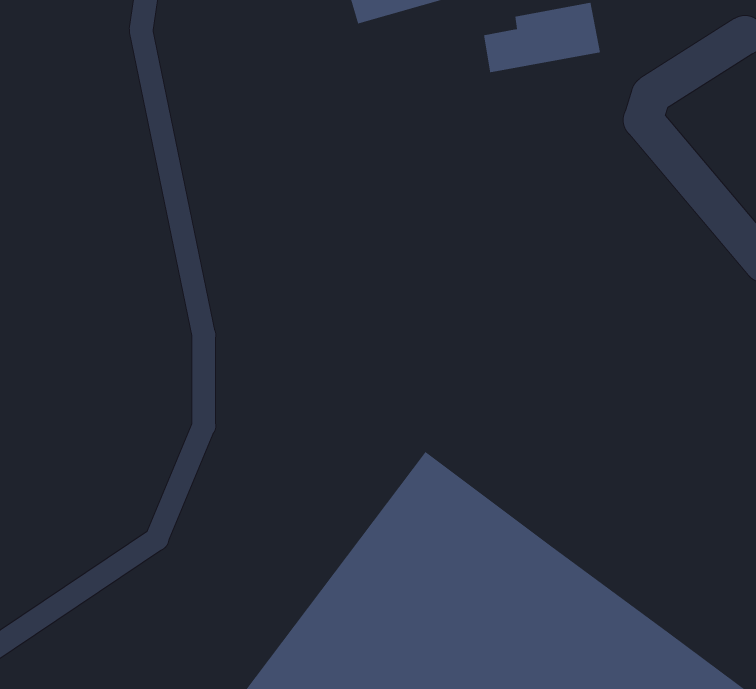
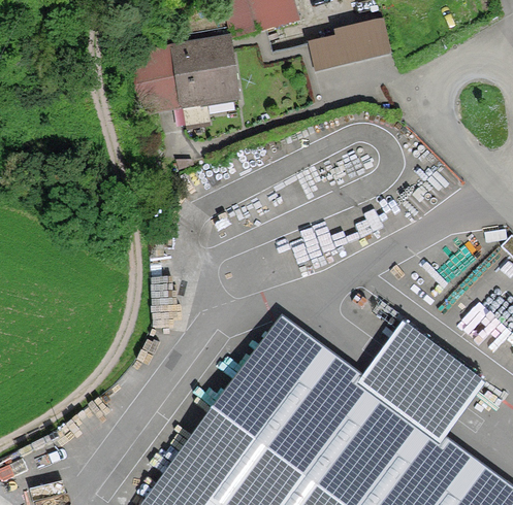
building: none -> [136,39,241,108]
building: none -> [363,321,483,434]

